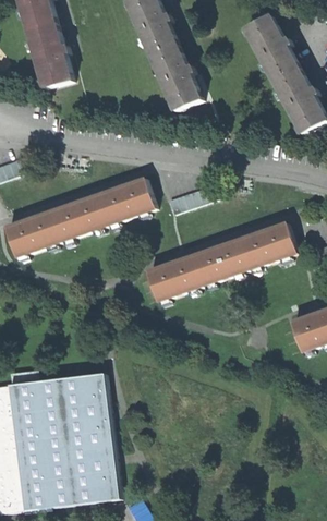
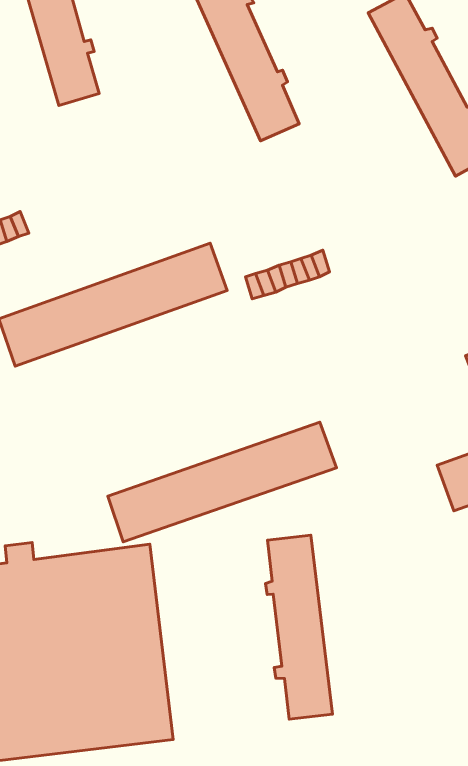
building: [147,223,295,301] -> [108,422,337,542]
building: none -> [265,535,332,719]

